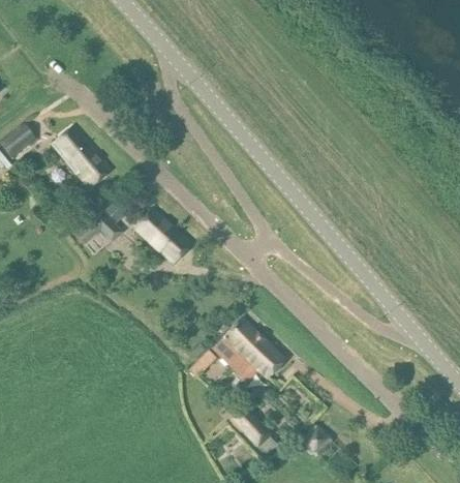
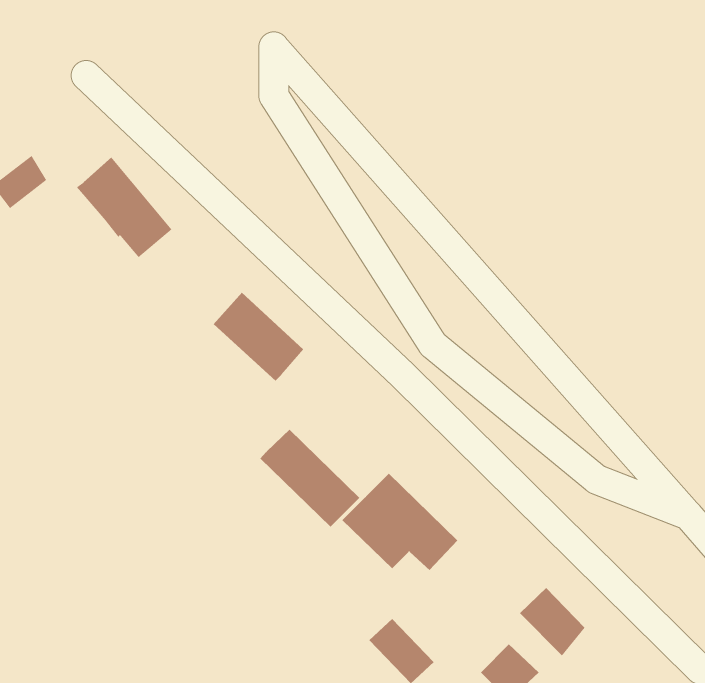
building: [71,197,130,246] -> none
building: none -> [260,429,360,528]
building: none -> [519,587,586,656]

